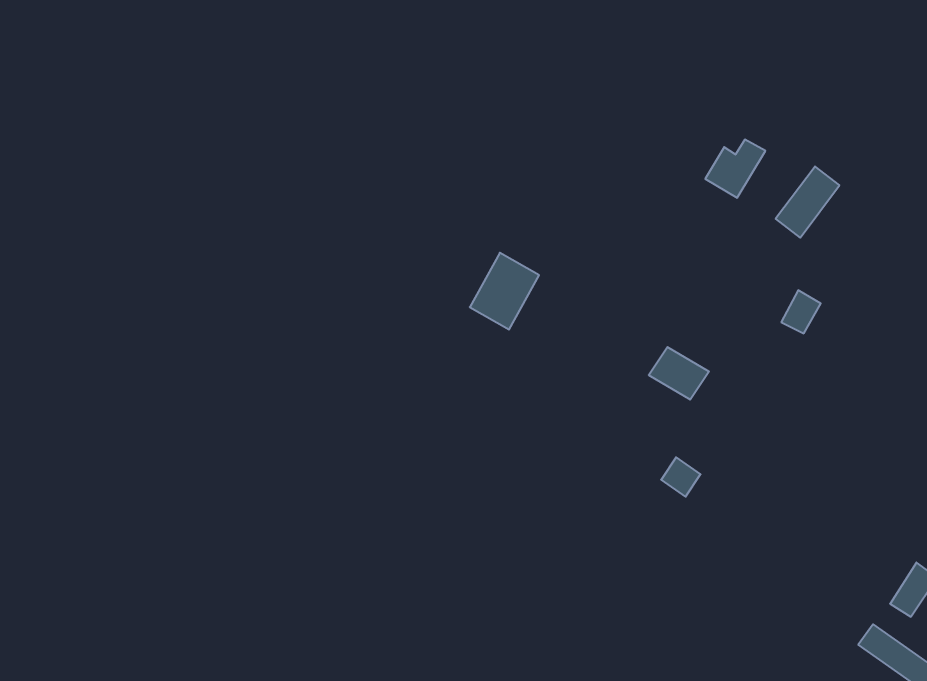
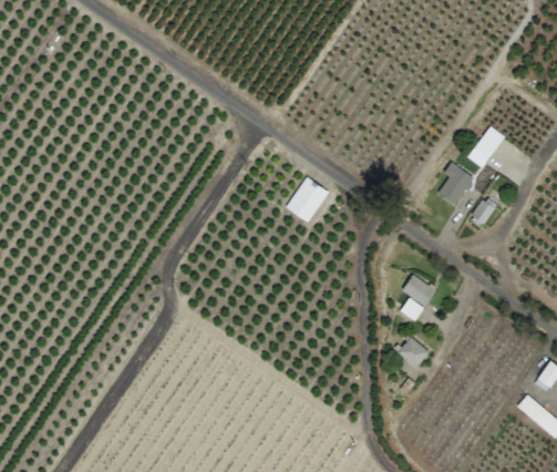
building: [705,140,765,198] -> [439,170,474,204]
building: [649,347,709,400] -> [401,274,436,305]
building: none -> [398,336,429,367]

